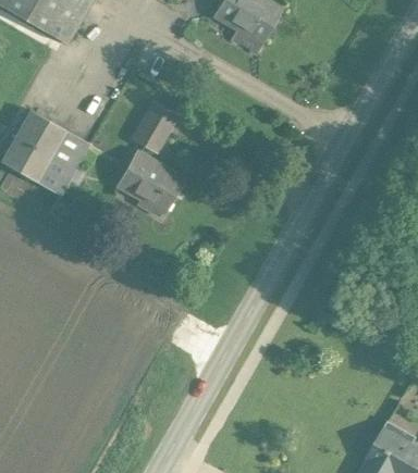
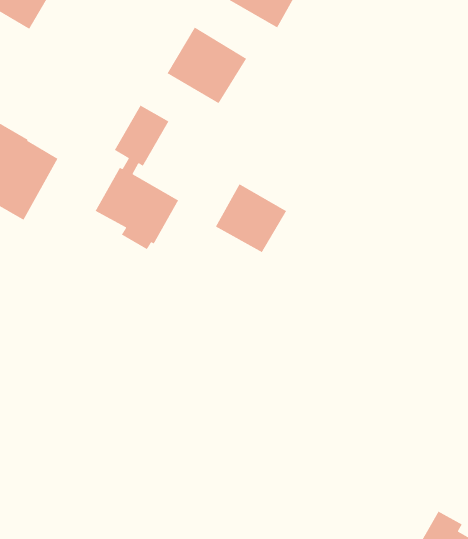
building: none -> [167,26,247,104]
building: none -> [215,183,287,253]

